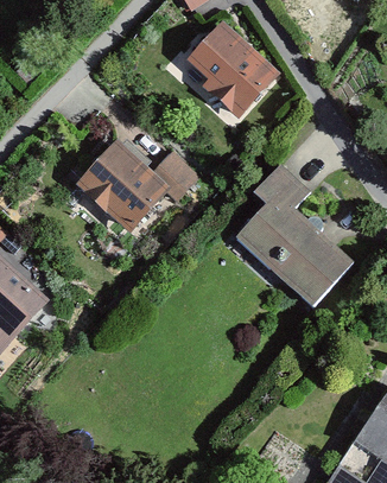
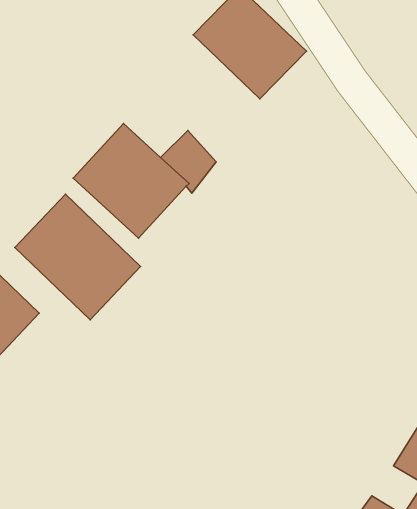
building: [237,163,337,299] -> none
building: none -> [15,194,141,320]

